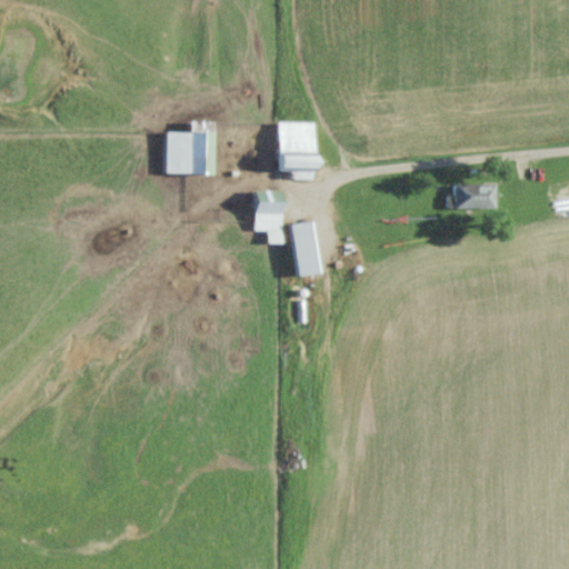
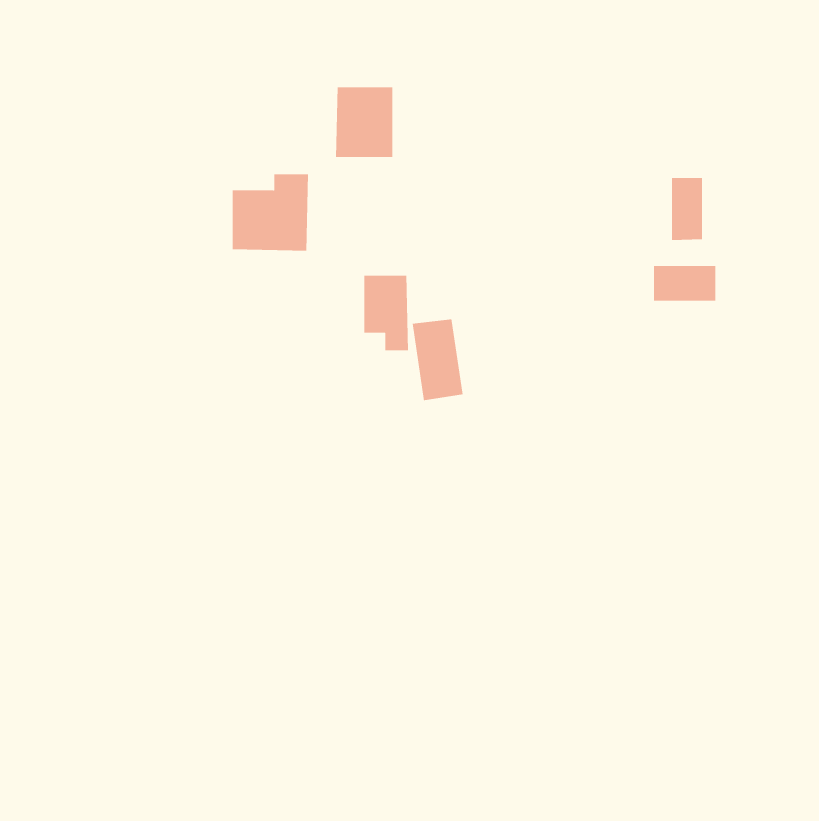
building: [278,122,318,171] -> [335,87,393,158]
building: none -> [671,177,703,241]

